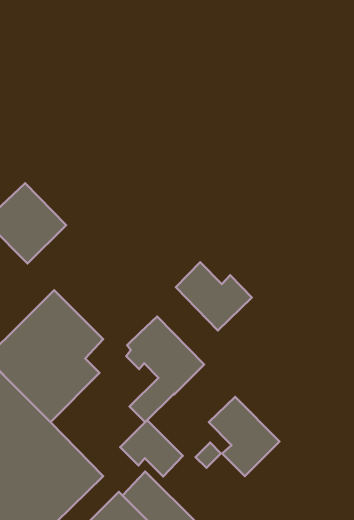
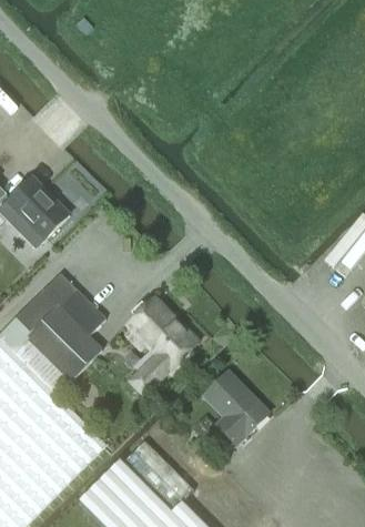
building: [176,262,252,330] -> none
building: [120,420,183,476] -> none

